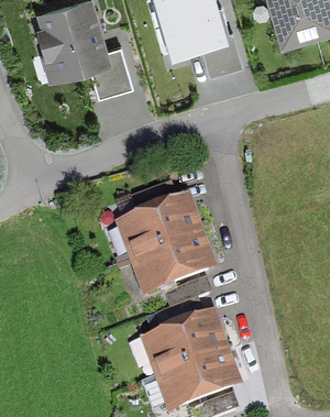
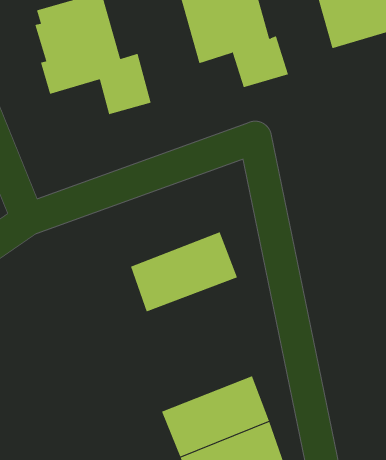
building: [127,231,216,296] -> none

